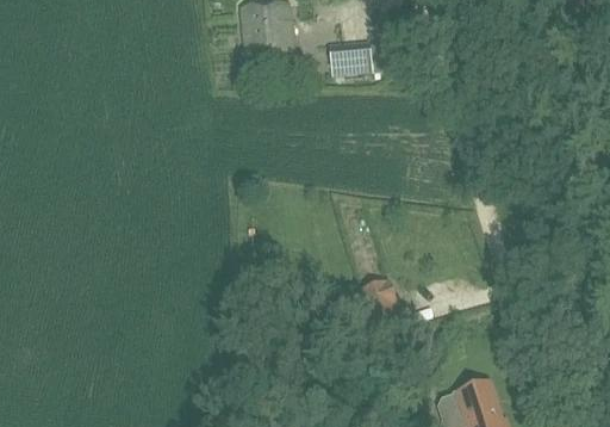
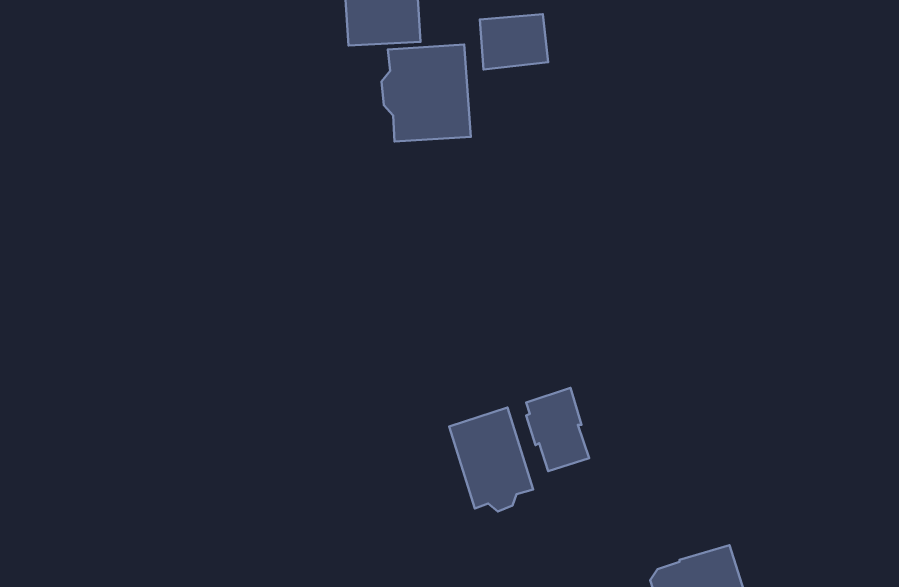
building: none -> [381,45,471,142]
building: none -> [449,407,533,511]

